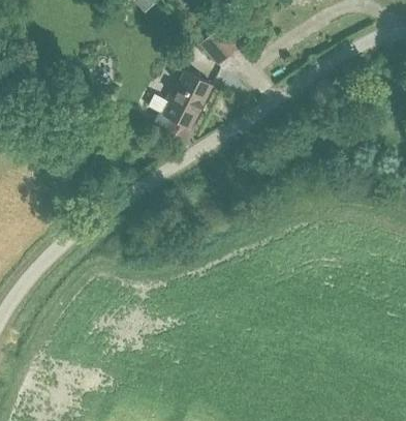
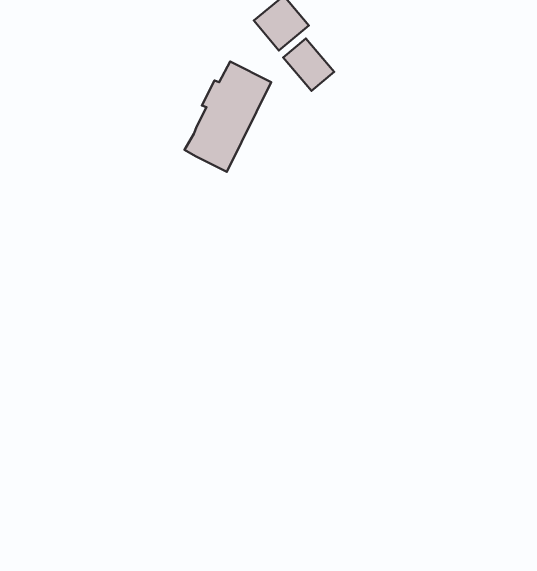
building: none -> [283,38,334,91]

